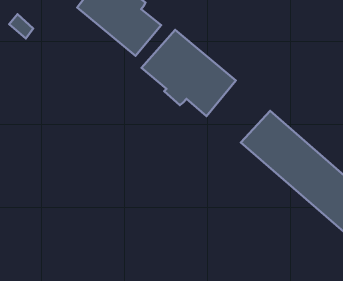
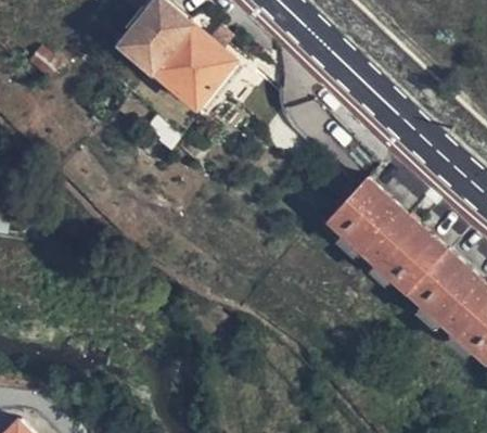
building: [141,30,236,116] -> none

